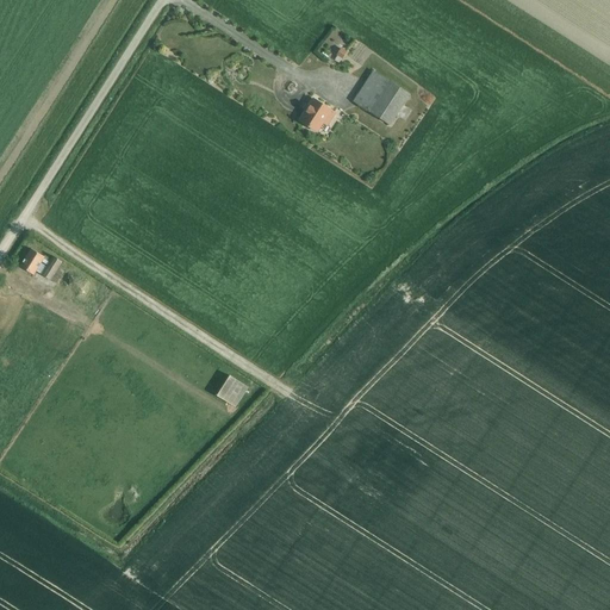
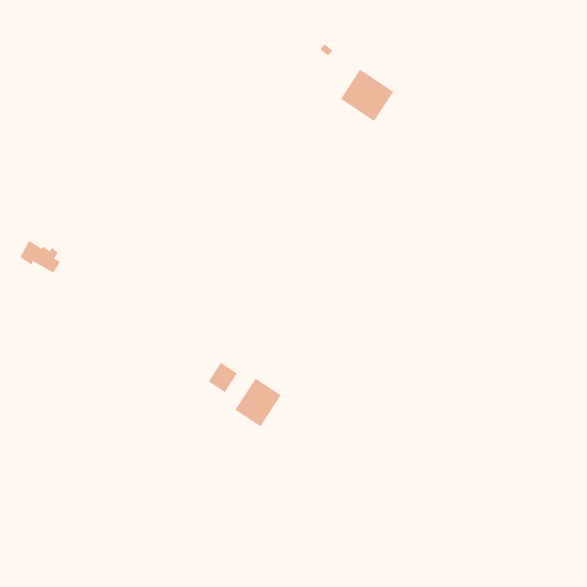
building: [298,92,336,127] -> none
building: none -> [234,378,282,427]

